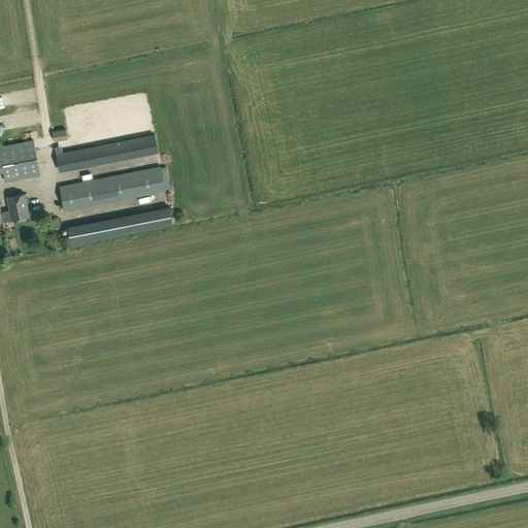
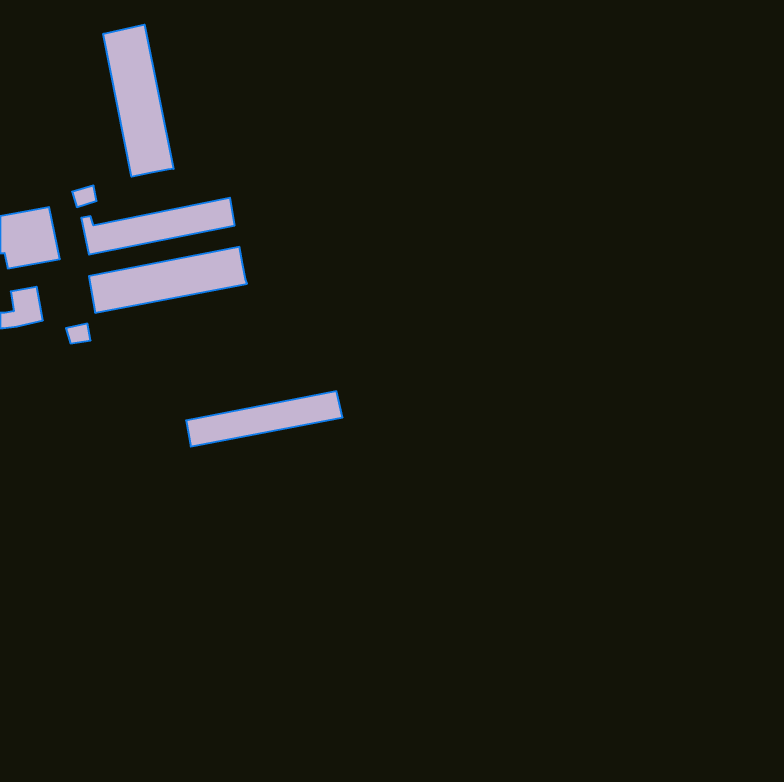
building: none -> [103,25,174,177]
building: [68,206,173,243] -> [186,391,343,447]

